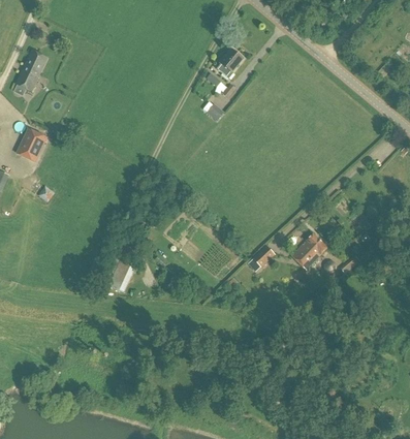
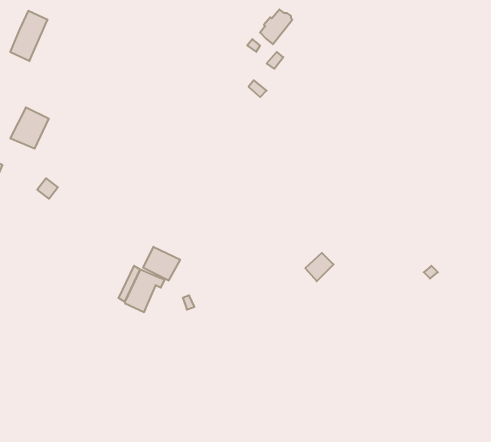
building: [291,233,326,269] -> none
building: none -> [143,247,180,281]

